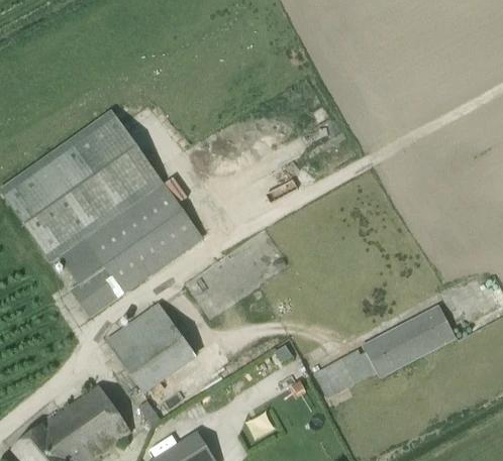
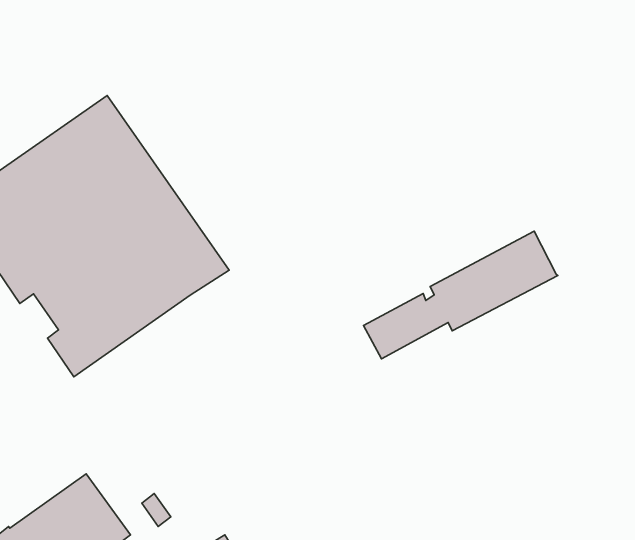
building: [107,303,195,390] -> none
building: [314,304,456,396] -> [364,231,558,359]

